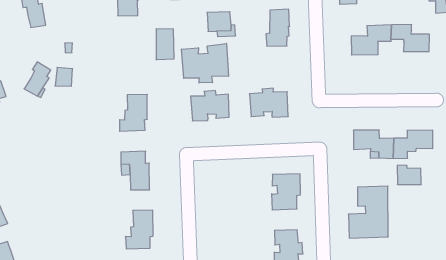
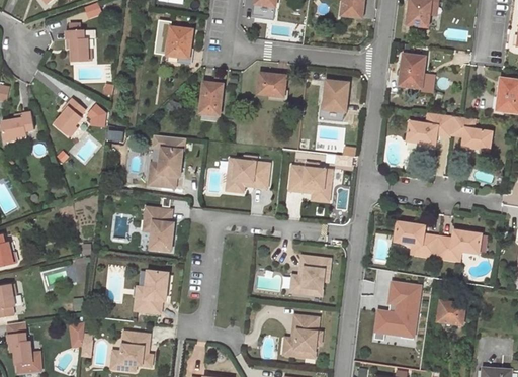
building: [182,43,228,83] -> none
building: [397,165,421,184] -> [436,300,463,324]

